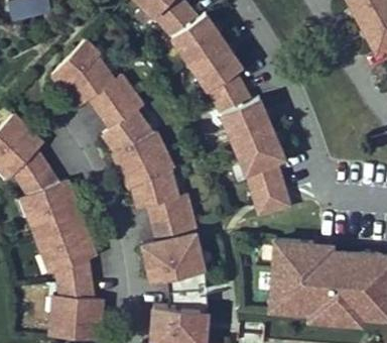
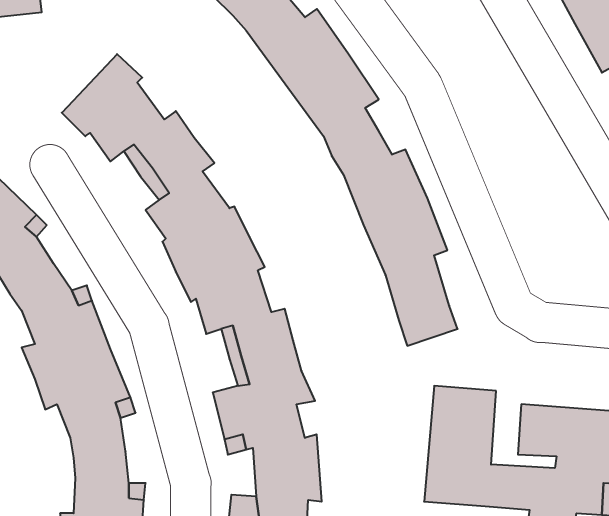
building: [309,243,349,290] -> none

